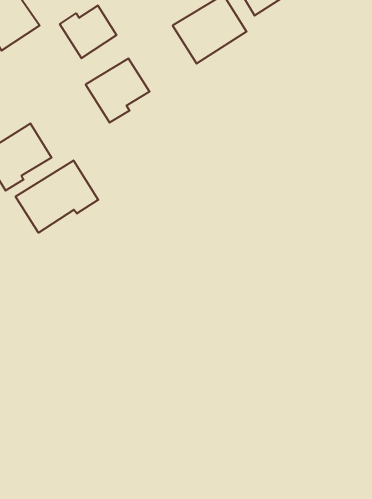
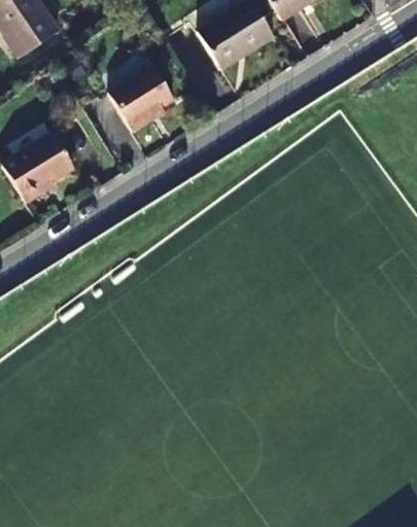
building: [60,5,116,58] -> none
building: [16,160,98,233] -> none

